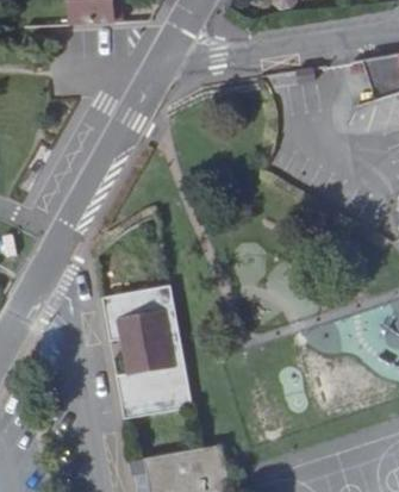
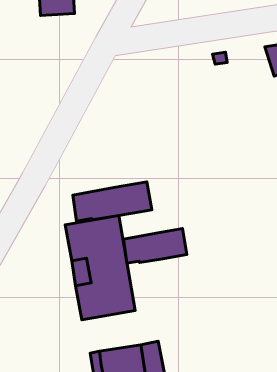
building: none -> [73,182,152,221]
building: none -> [124,228,187,263]

